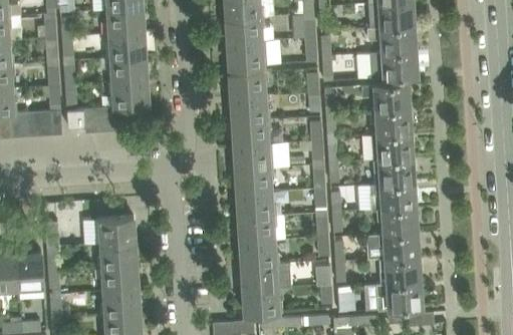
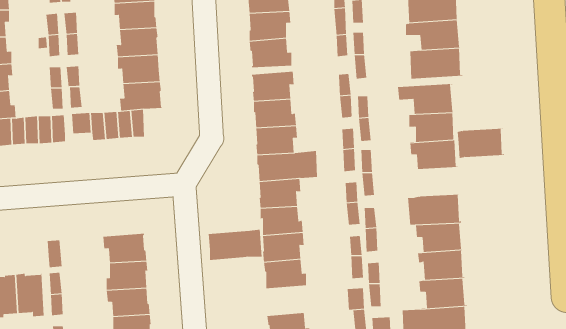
building: [372,156,416,184] -> [457,128,505,158]
building: [241,262,290,290] -> [208,229,263,261]

